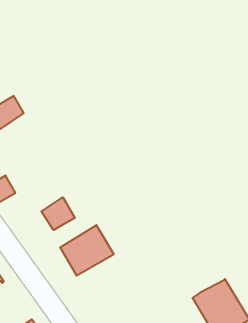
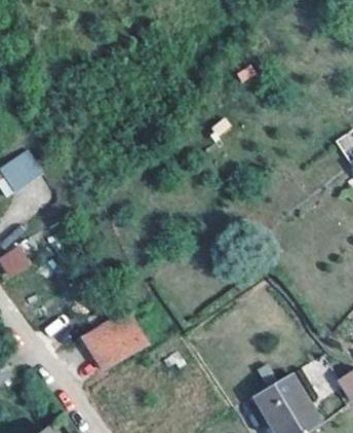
building: [41,197,75,230] -> none

